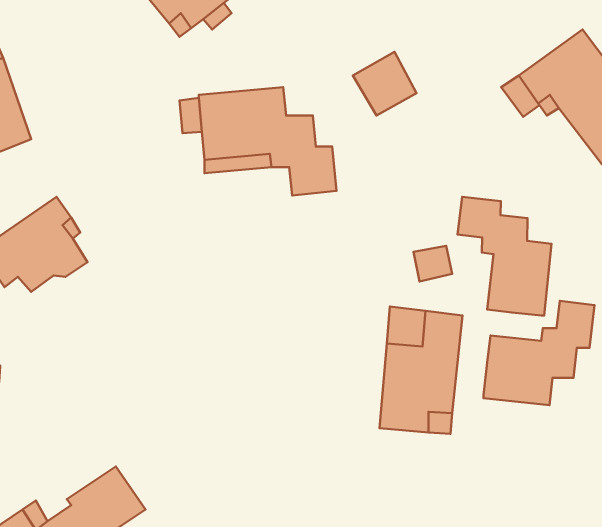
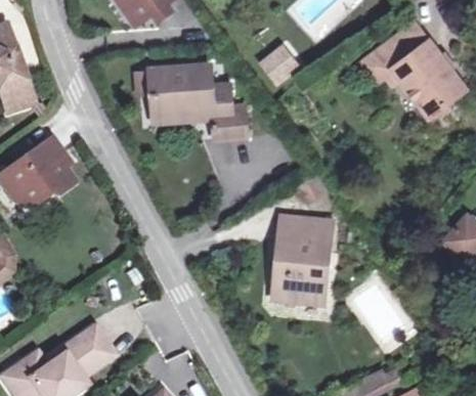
building: [458,197,552,316] -> none
building: [484,301,595,405] -> none

